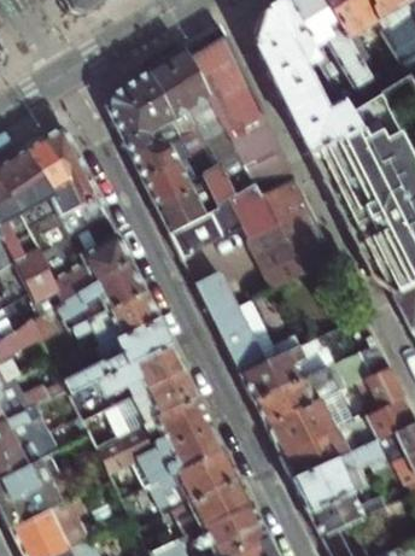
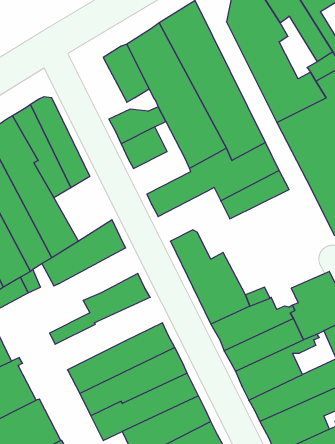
building: [106,87,182,153] -> none
building: [156,188,217,234] -> none
building: [70,215,133,285] -> none
building: [259,229,337,289] -> none
building: [75,292,160,346] -> none
building: [71,345,187,405] -> none

